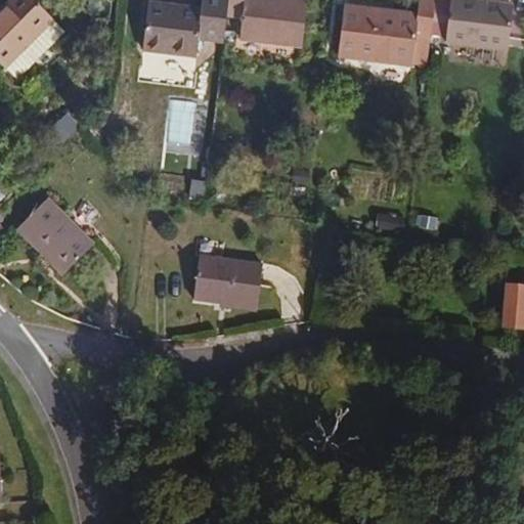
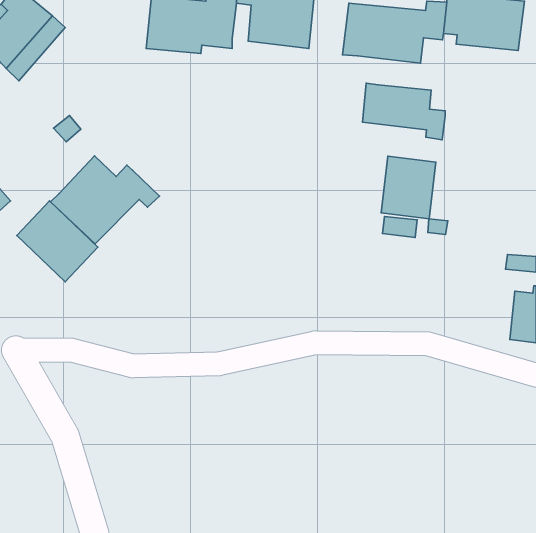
building: none -> [362,83,445,140]
building: none -> [50,156,160,244]
building: none -> [381,156,436,219]
building: [188,253,263,309] -> none

